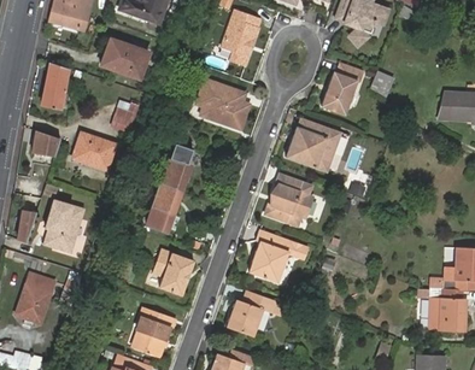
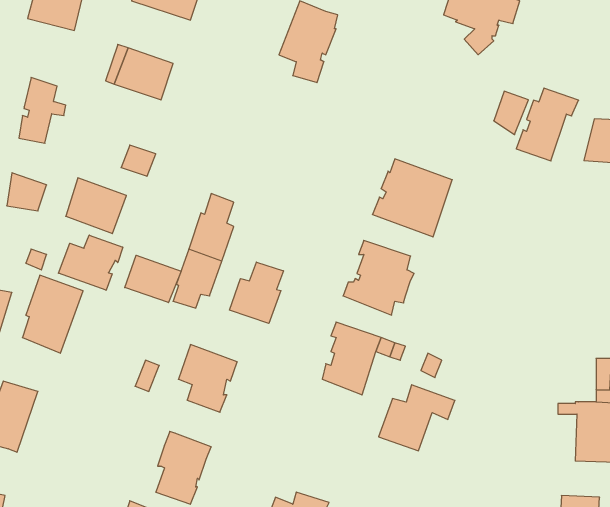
building: [322,65,365,116] -> [516,88,579,161]
building: [195,80,251,131] -> none
building: none -> [58,235,123,290]
building: none -> [125,255,181,303]
building: none -> [230,262,283,323]
building: [225,290,278,336] -> [379,385,455,451]

